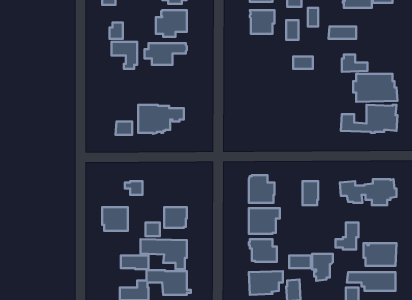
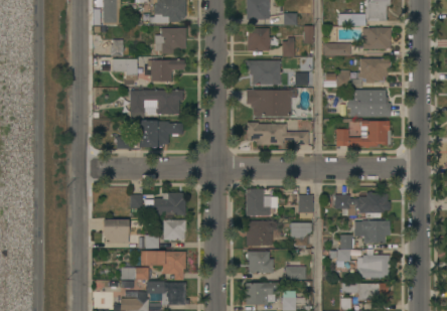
building: none -> [361,27,390,48]
building: none -> [356,58,391,83]
building: none -> [246,60,280,84]
building: none -> [130,90,182,118]
building: none -> [246,90,297,116]
building: none -> [247,122,308,145]
building: none -> [153,192,185,215]
building: none -> [361,220,390,243]
building: [312,254,333,281] -> [291,222,311,249]

